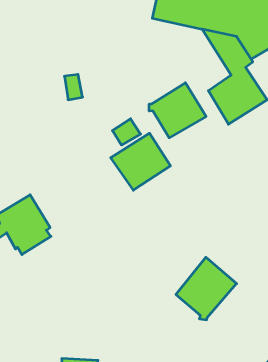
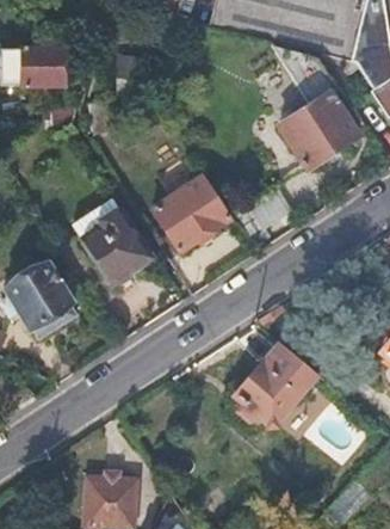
building: none -> [24,49,68,82]
building: [149,83,206,138] -> none
building: none -> [82,209,150,279]

